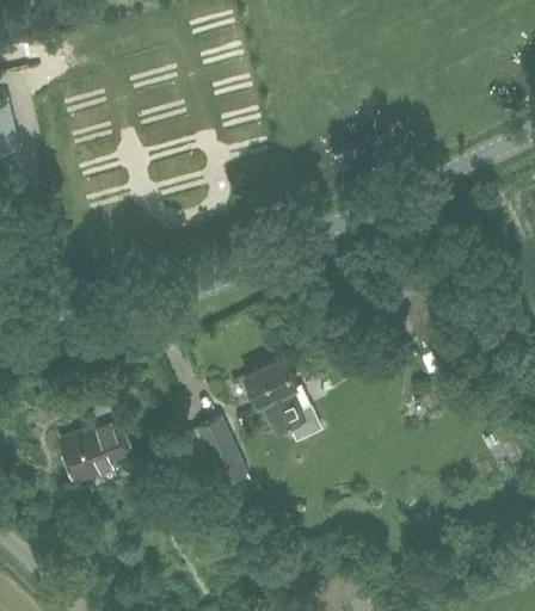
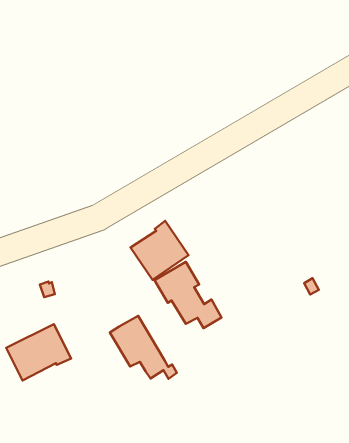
building: none -> [131,221,188,280]

